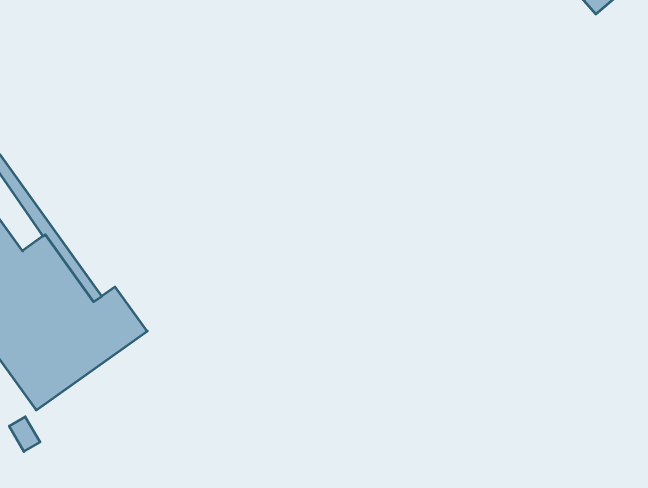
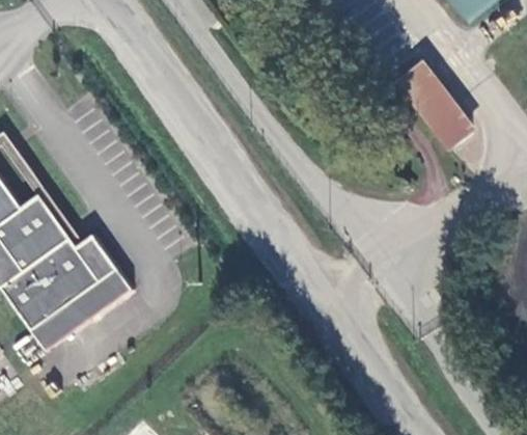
building: none -> [403,64,481,152]
building: none -> [29,267,130,350]

